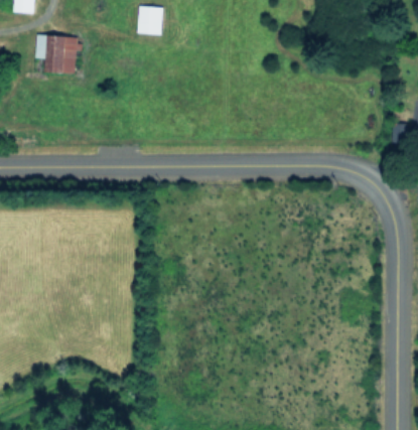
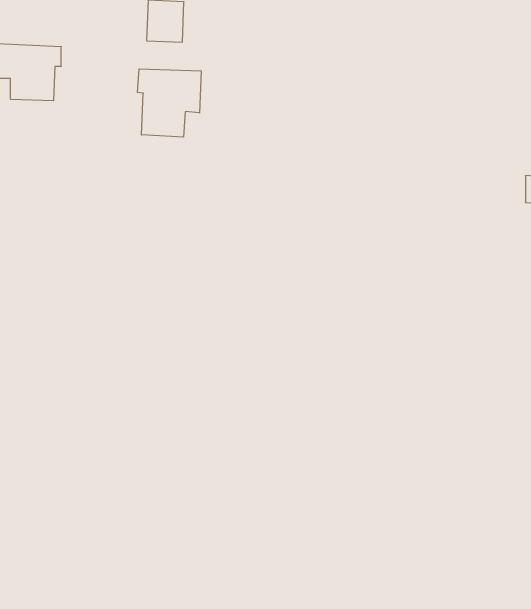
building: none -> [137,69,201,137]

